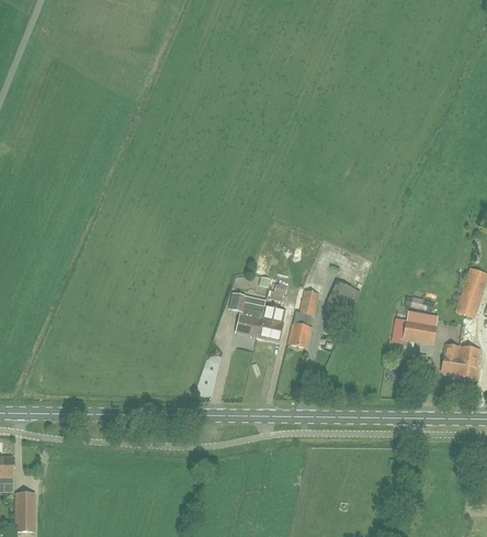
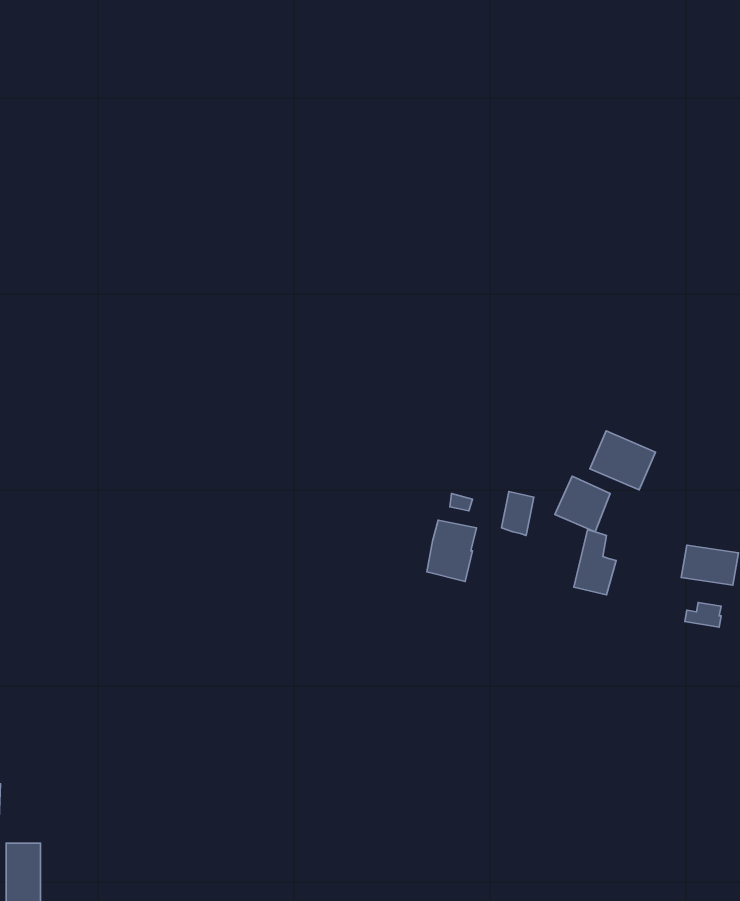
building: none -> [590,431,655,490]
building: [229,292,264,335] -> none
building: [287,309,312,346] -> [574,530,616,595]

